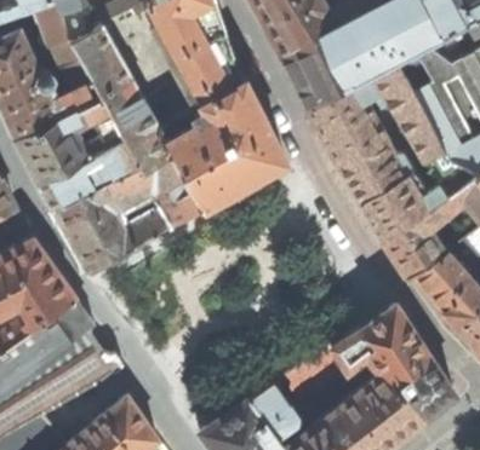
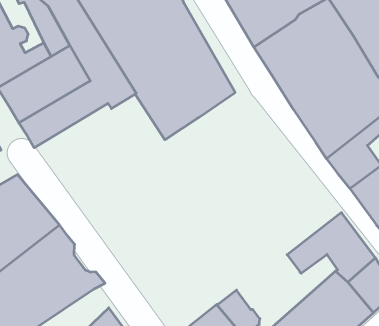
building: [55,157,204,273] -> none
building: [284,346,345,402] -> none

